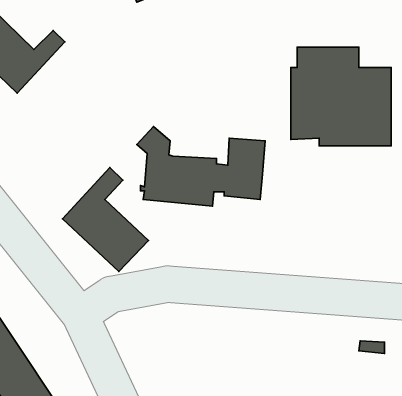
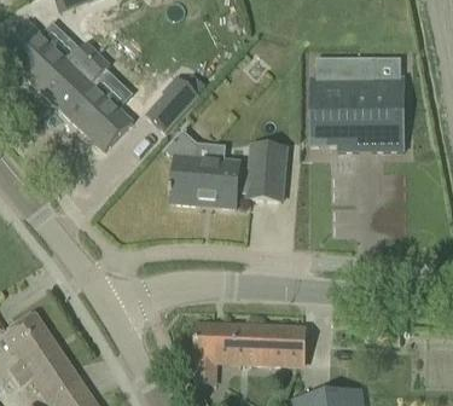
building: none -> [143,77,194,133]
building: [62,167,148,271] -> [53,51,134,149]
building: none -> [196,323,306,362]

